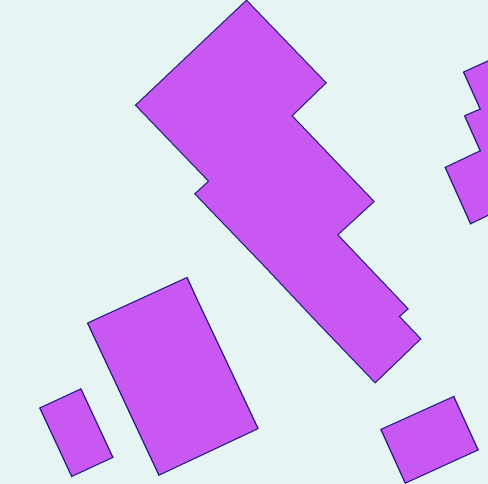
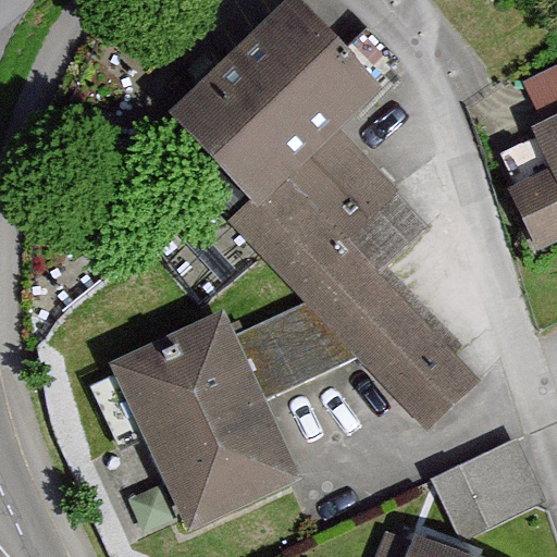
building: none -> [232,300,361,400]
building: [40,389,113,477] -> none

